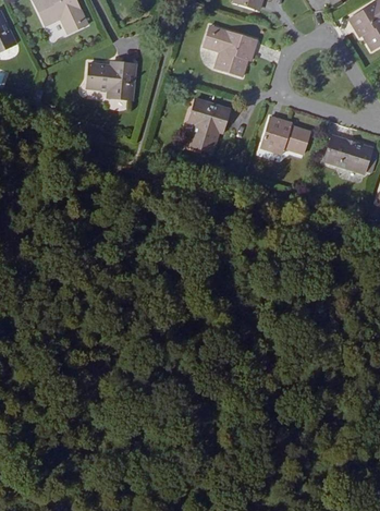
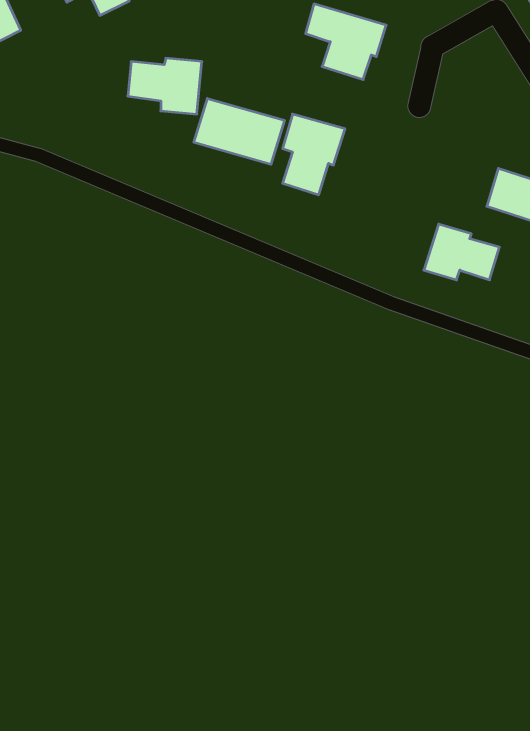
building: none -> [194,98,284,164]
building: [260,117,310,154] -> [424,224,499,280]

